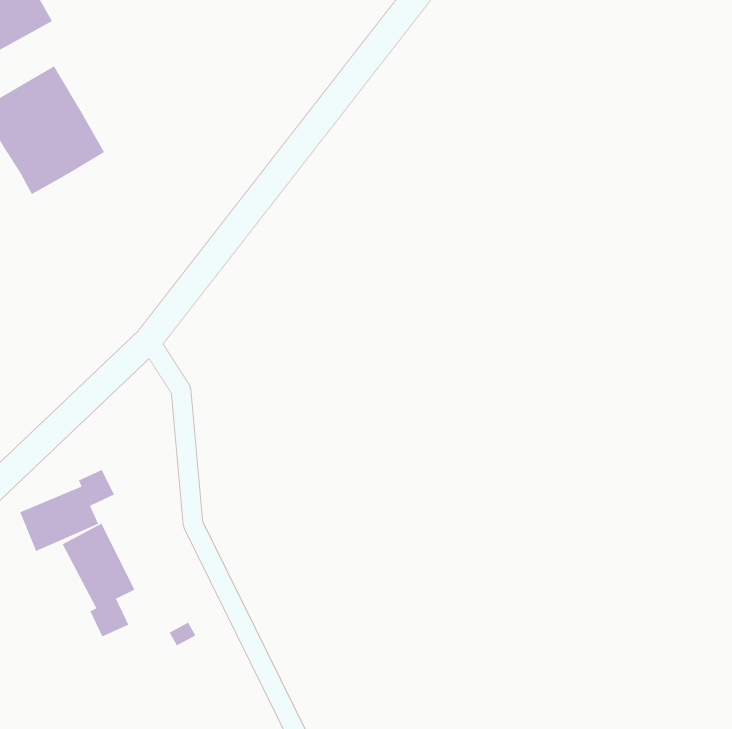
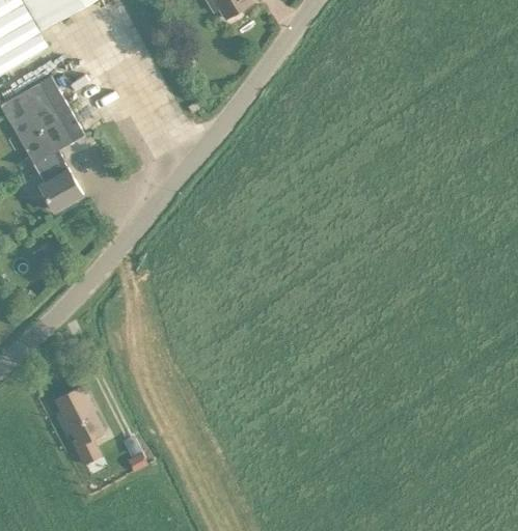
building: none -> [33,149,82,211]
building: [19,469,115,552] -> none

